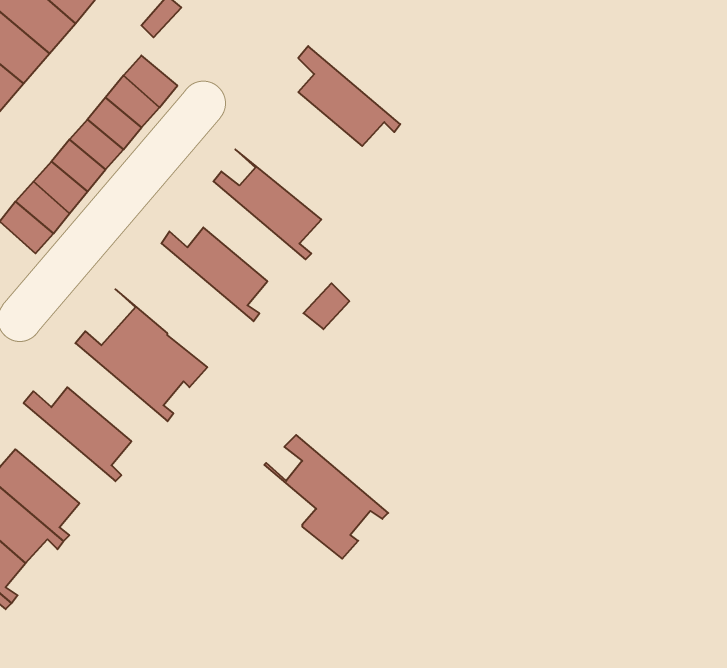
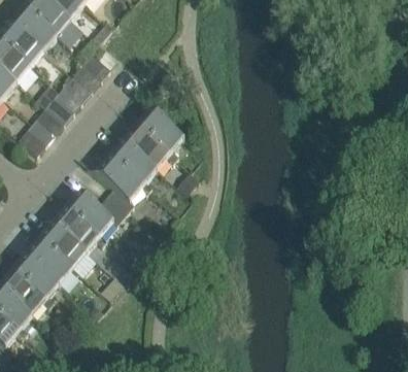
building: [298,46,400,146] -> [123,120,175,171]
building: none -> [52,203,104,253]
building: none -> [25,234,77,285]
building: [264,435,388,559] -> [84,151,148,215]

